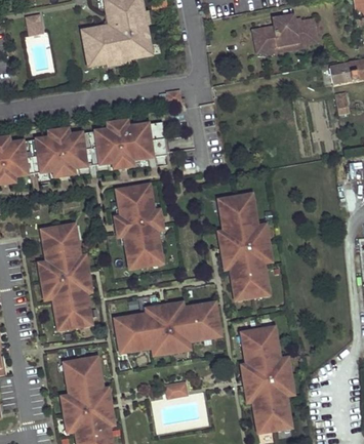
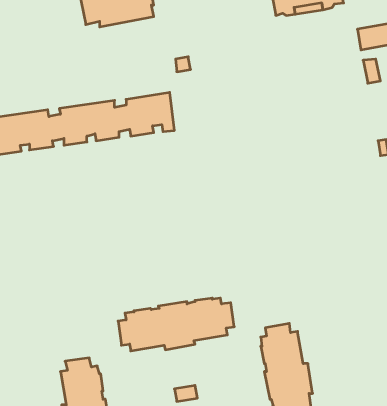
building: [116,185,162,269] -> none
building: [220,194,268,298] -> none
building: [42,225,89,329] -> none

